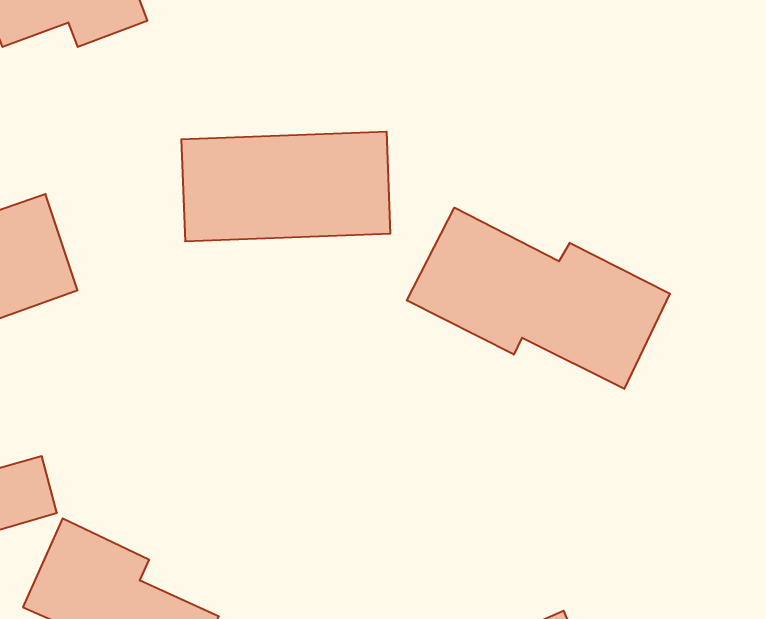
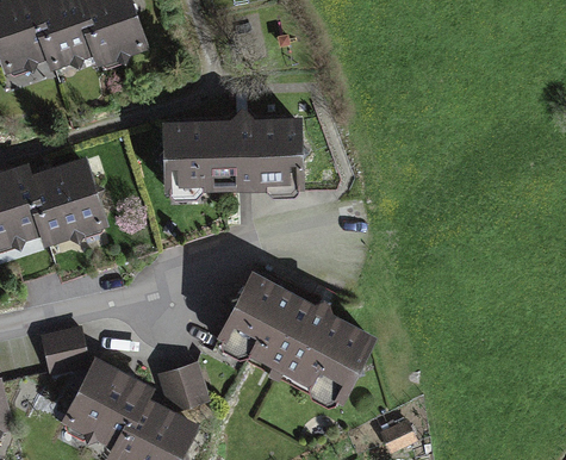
building: [407,208,670,389] -> none
building: none -> [222,275,372,396]
building: none -> [161,365,207,411]

